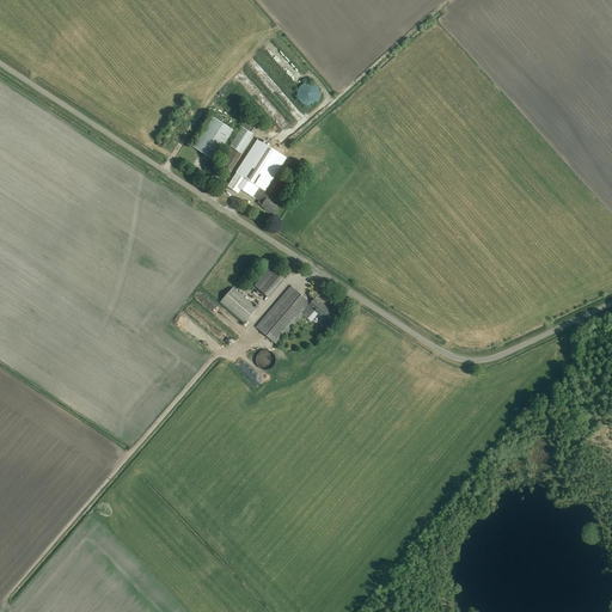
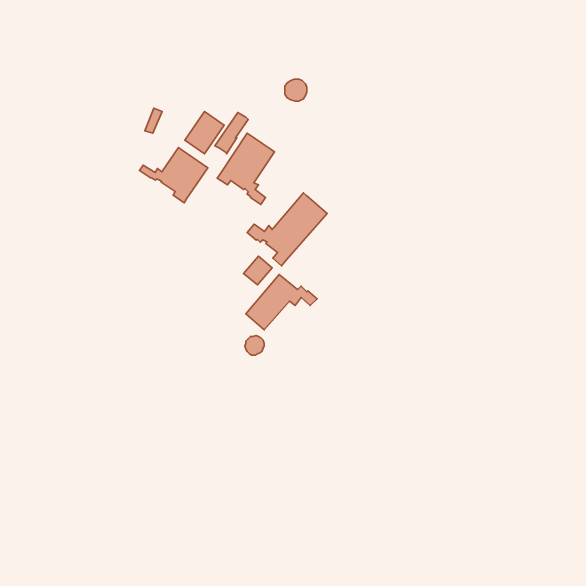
building: none -> [140,148,208,203]
building: none -> [247,193,327,266]
building: [219,287,256,322] -> none

